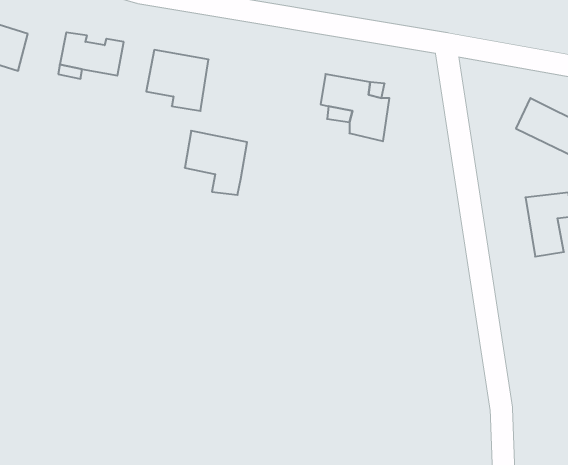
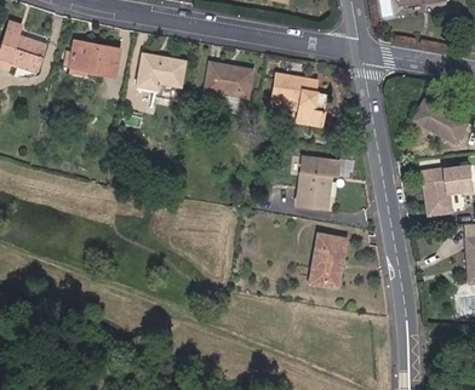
building: [185,131,247,195] -> [200,63,247,111]
building: none -> [290,159,334,212]
building: none -> [308,236,343,286]

